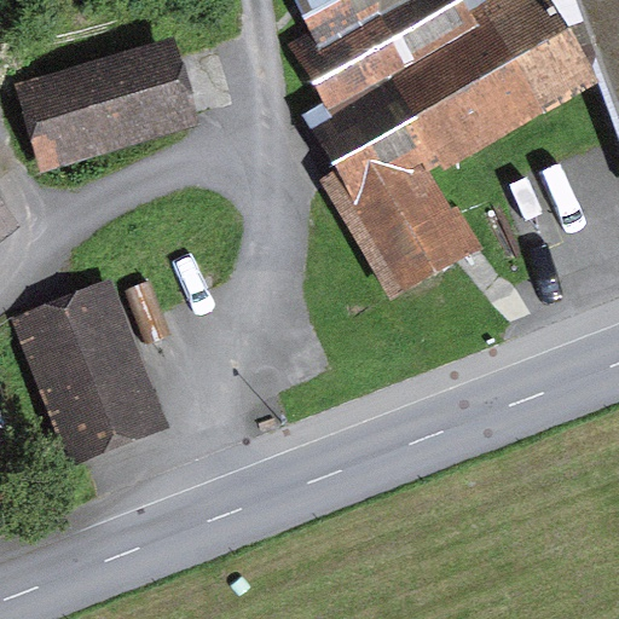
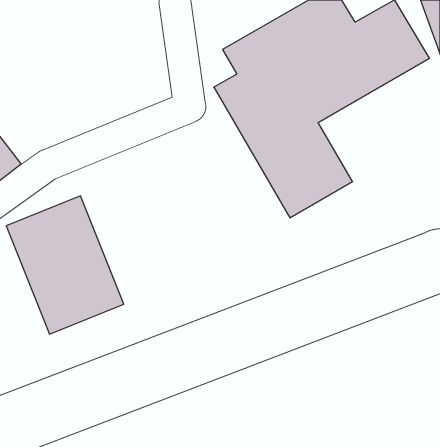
building: [15,34,201,158] -> none

